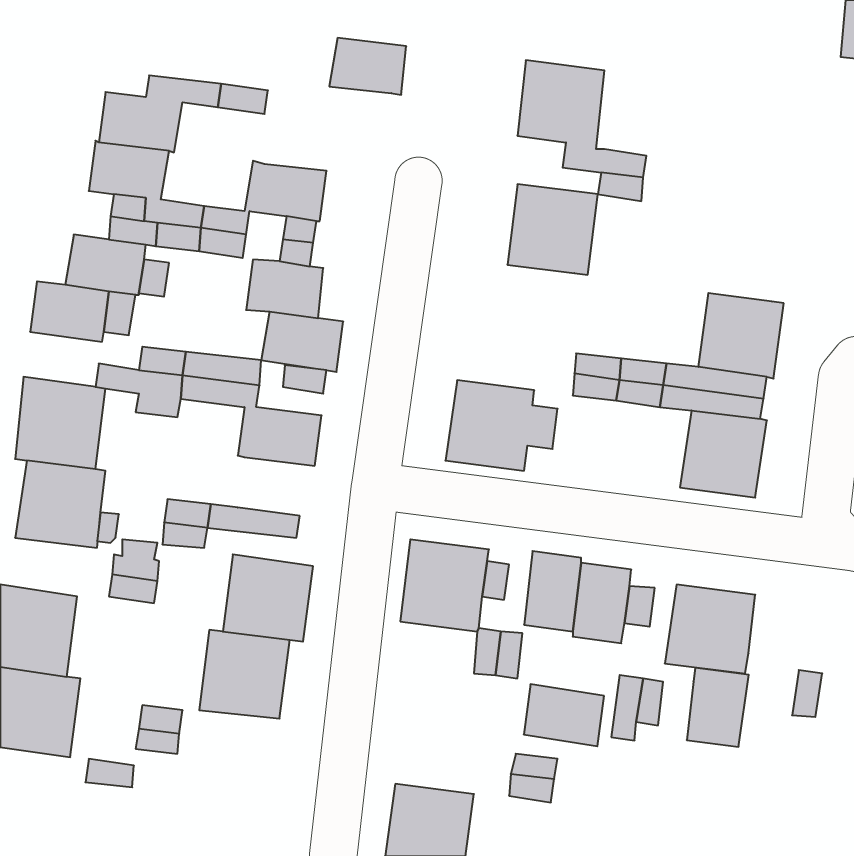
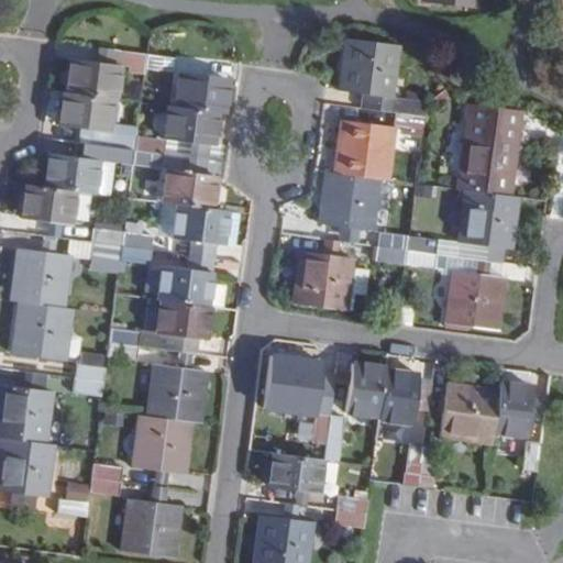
building: [329,38,406,95] -> [175,76,225,113]
building: none -> [456,108,519,198]
building: none -> [319,172,378,230]
building: none -> [157,300,211,340]
building: [687,668,749,747] -> [493,382,533,433]
building: [524,684,604,746] -> [269,452,322,493]
building: none -> [122,499,180,556]

